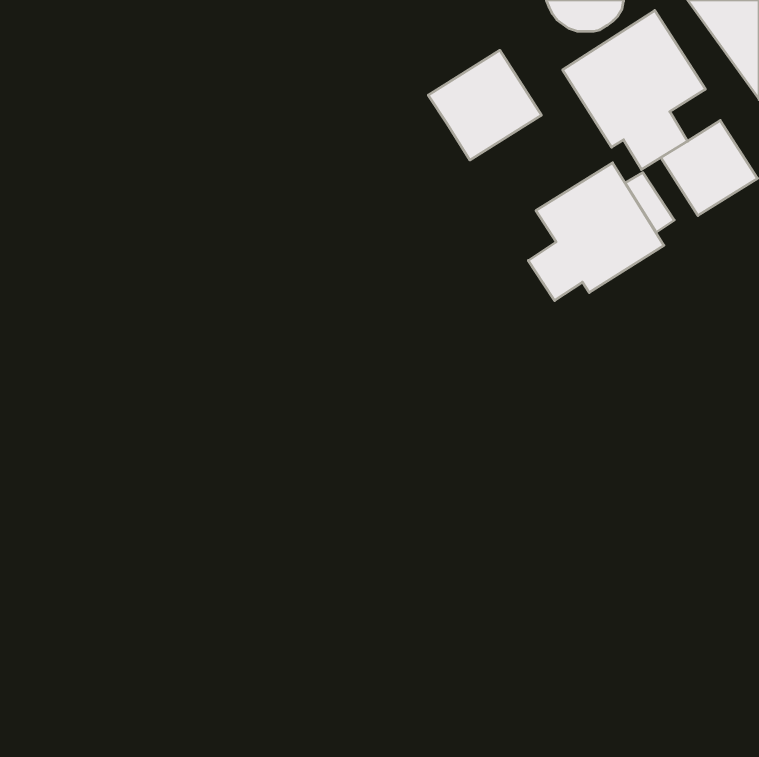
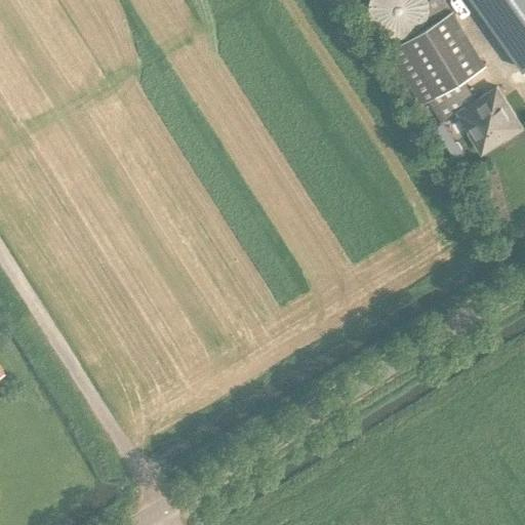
building: [428,50,541,160] -> none
building: [528,163,664,301] -> none

